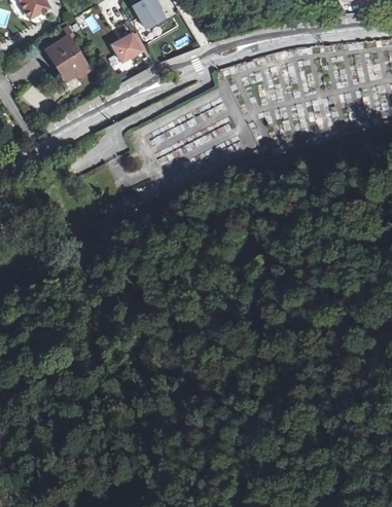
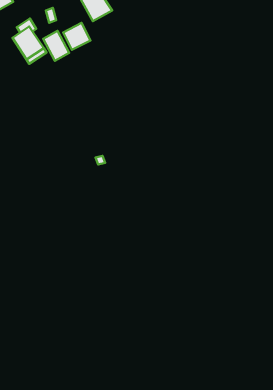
building: none -> [43,31,69,61]

